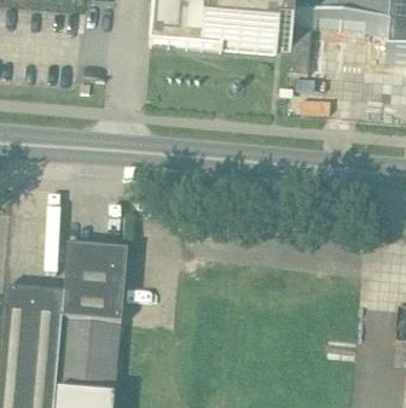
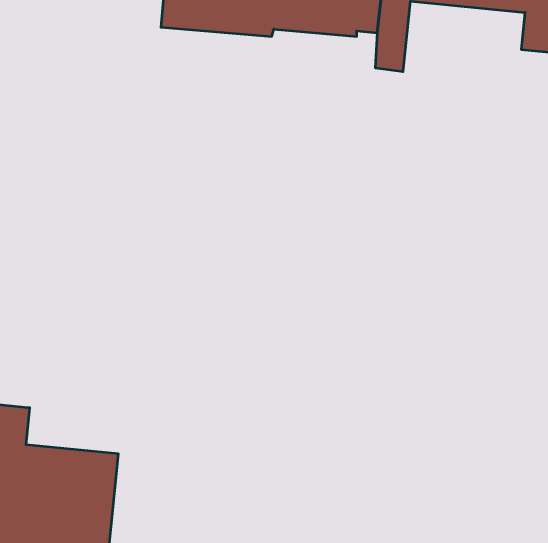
building: [60,244,127,322] -> none

